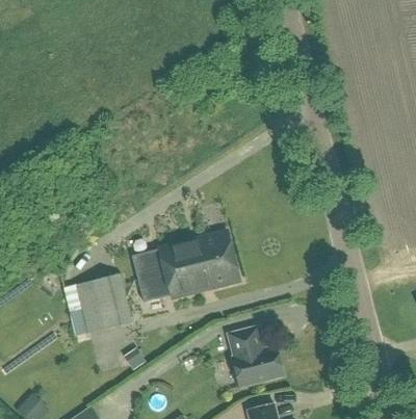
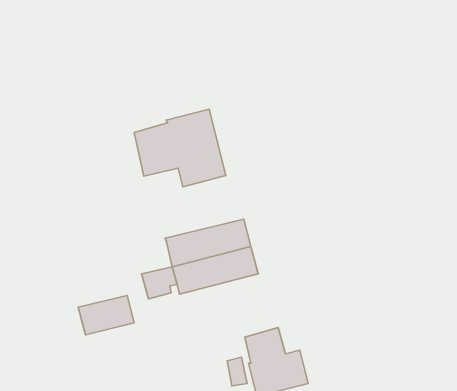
building: none -> [134,109,226,187]
building: [132,252,164,280] -> none
building: [76,273,125,309] -> none

